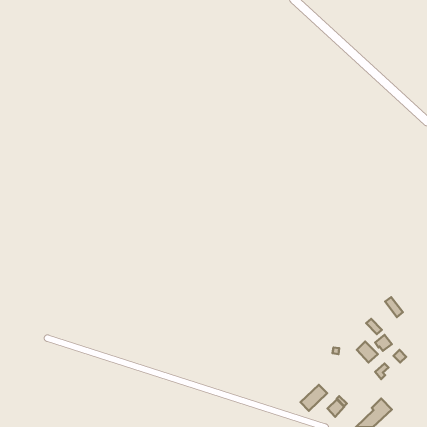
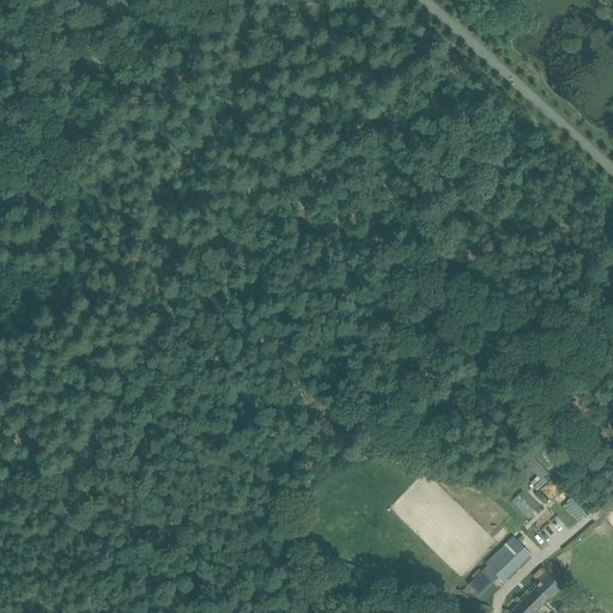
building: [301,385,327,411] -> [491,541,529,578]

